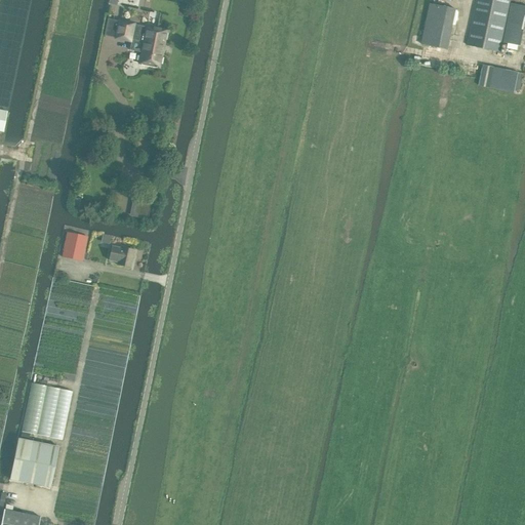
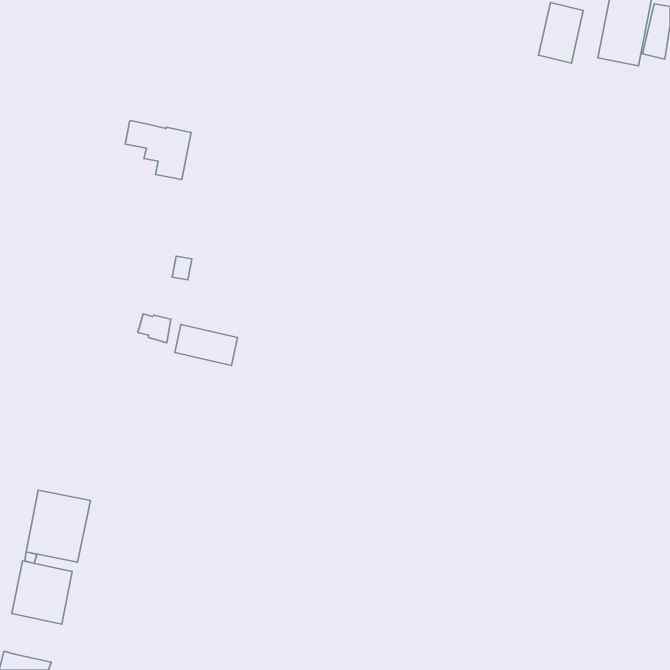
building: [114,19,165,66] -> [125,121,191,180]
building: [478,65,517,92] -> none
building: [62,232,86,260] -> none
building: none -> [175,324,238,366]

